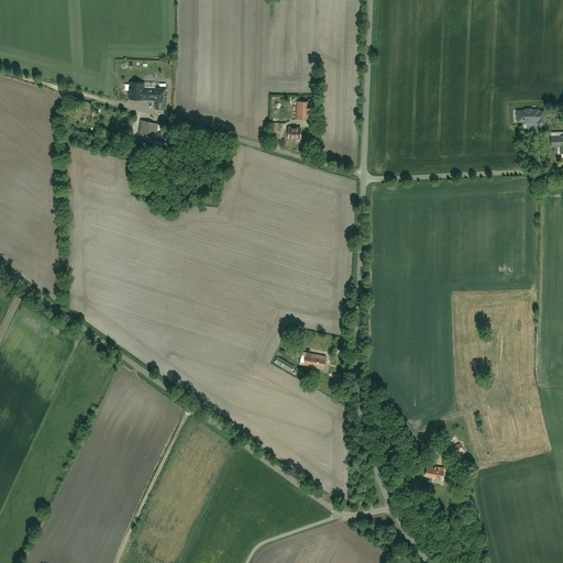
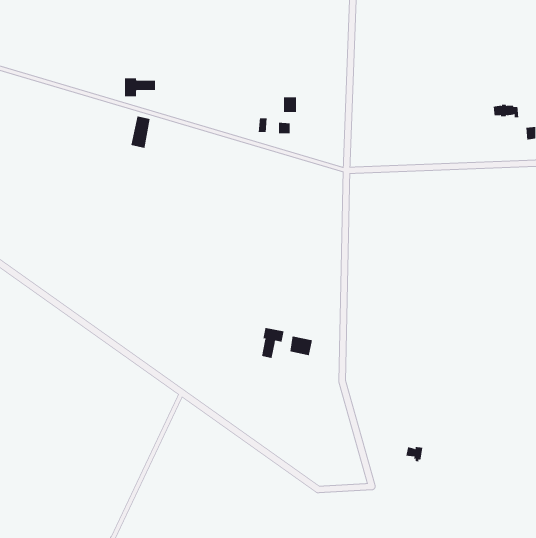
building: none -> [261,327,284,359]

